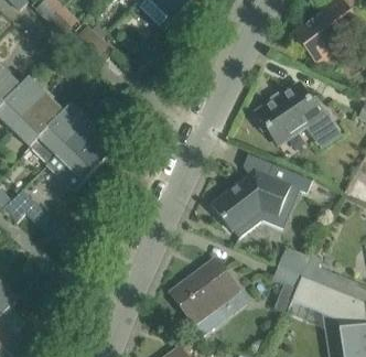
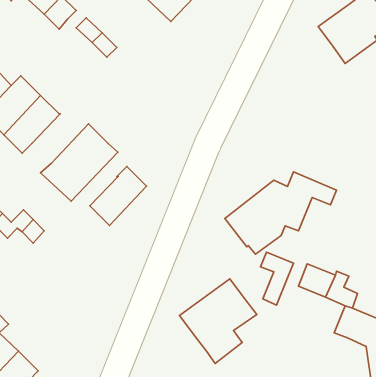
building: [252,82,333,143] -> none
building: [37,101,88,154] -> [90,167,146,226]
building: [271,264,301,312] -> [260,252,294,305]

